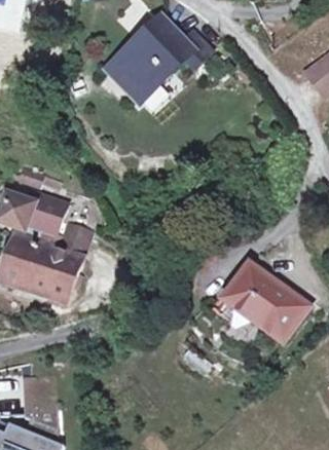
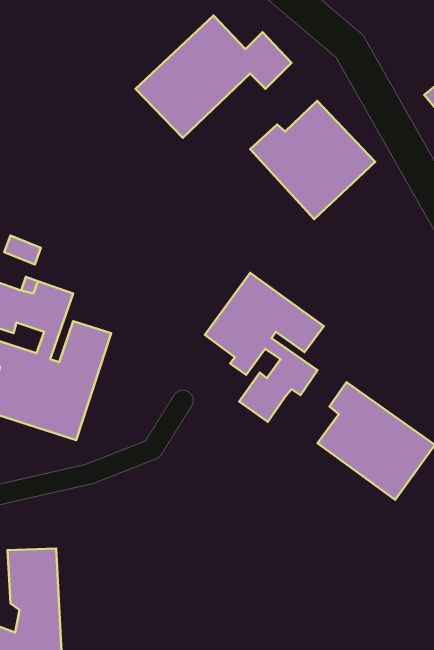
building: none -> [250,101,375,219]
building: none -> [205,273,324,422]

